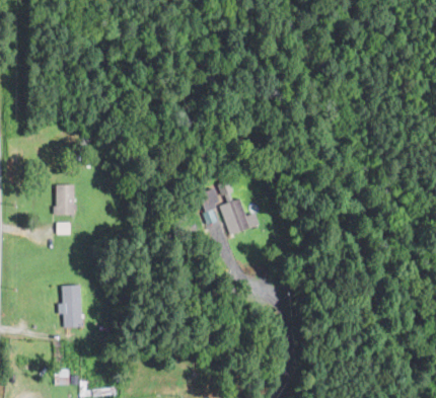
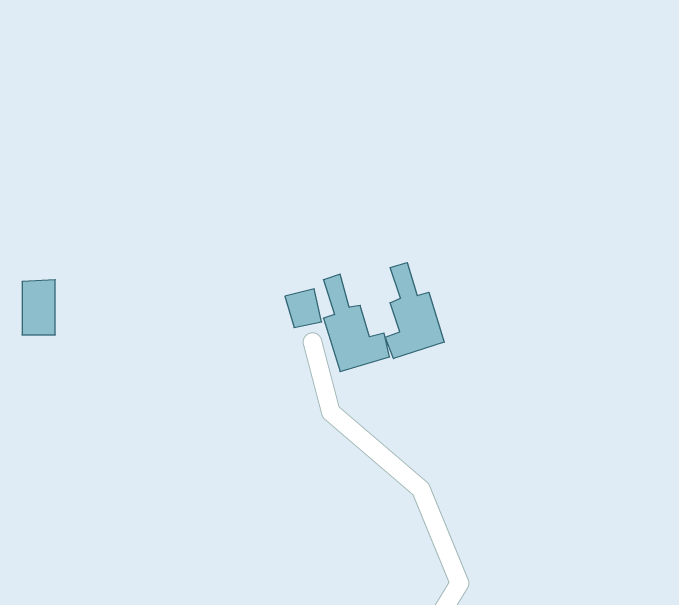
building: none -> [385,263,444,359]
building: [62,286,81,327] -> none

